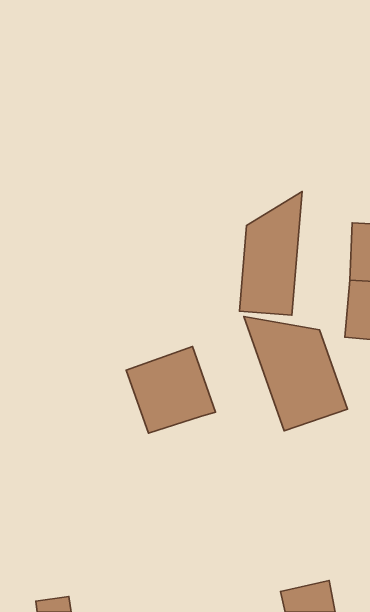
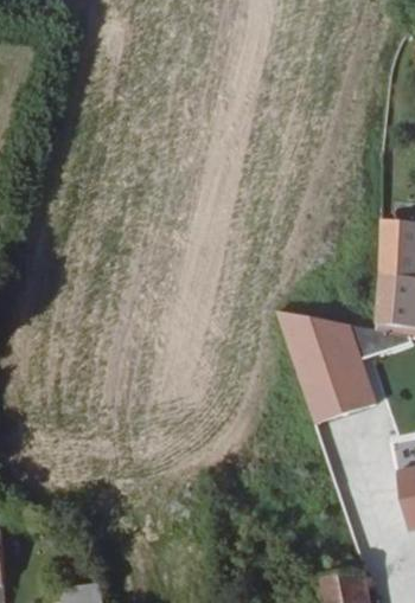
building: [239,192,302,315] -> none
building: [126,347,215,433] -> none

